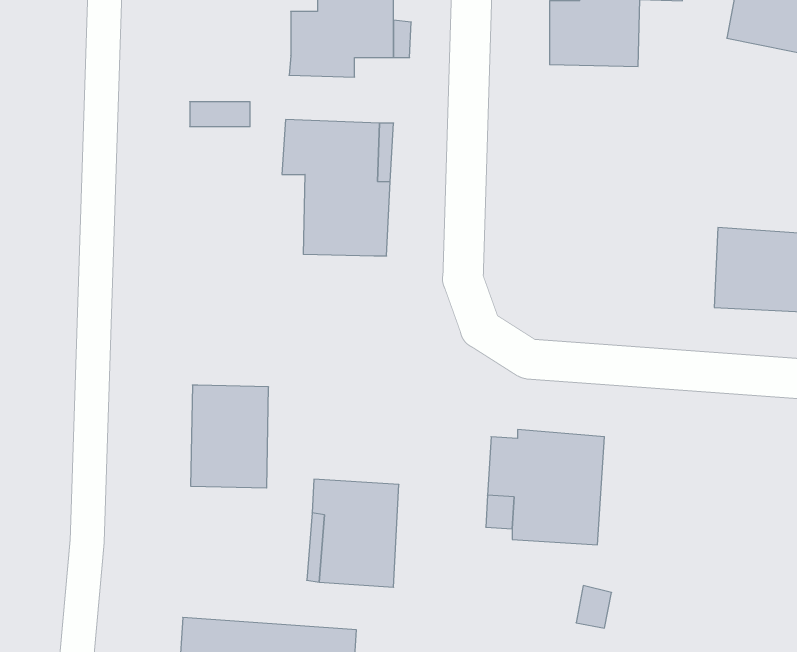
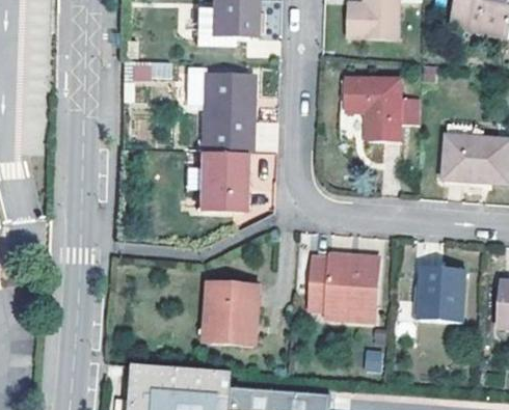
building: none -> [345,78,420,141]
building: [191,385,269,488] -> [197,149,243,210]
building: none -> [417,265,463,321]

